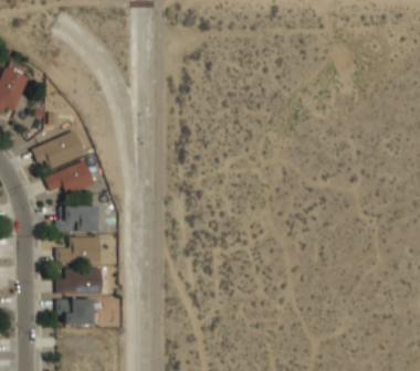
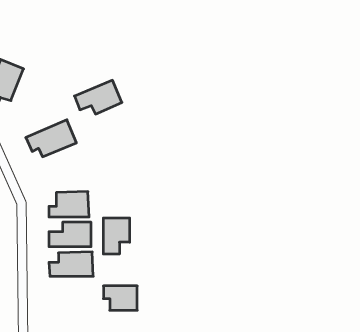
building: [44,159,94,194] -> [74,80,122,114]
building: none -> [103,218,130,254]
building: [56,298,92,324] -> [103,286,137,310]

